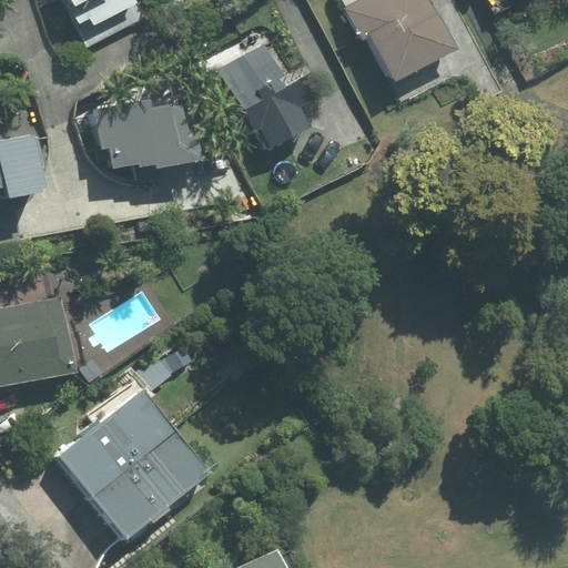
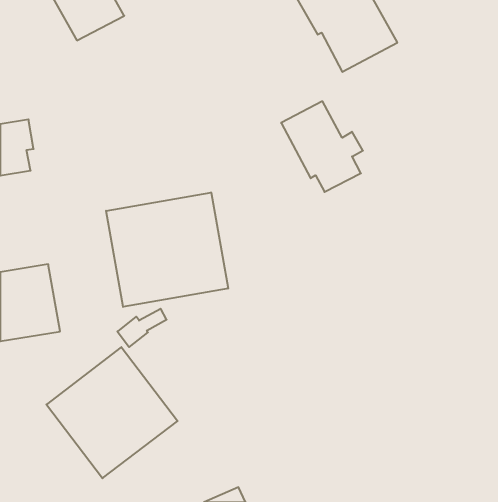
building: [220,44,312,146] -> [281,101,363,192]
building: [91,100,194,169] -> none
building: none -> [106,192,228,307]

